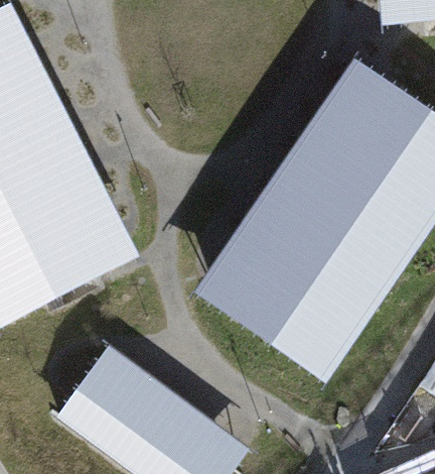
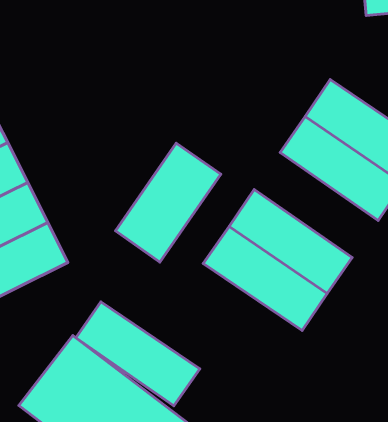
building: none -> [115,143,221,262]
building: [296,158,421,264] -> none
building: [220,270,344,375] -> [76,302,200,406]

